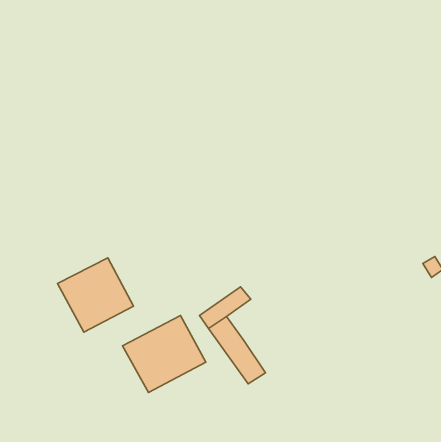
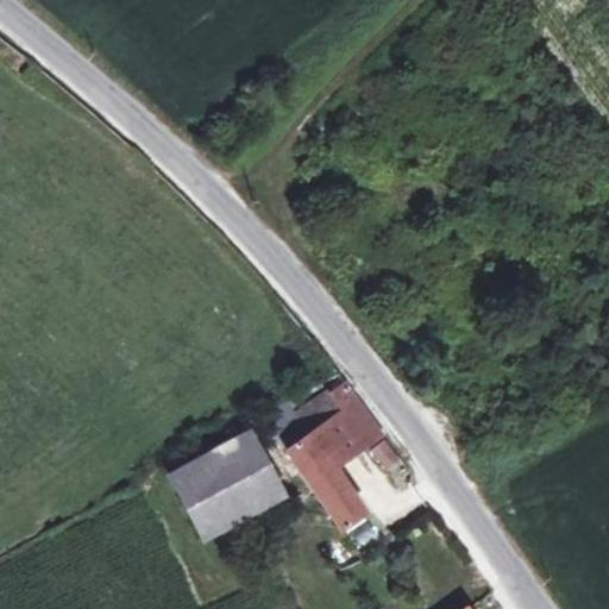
building: [57,258,134,332] -> none
building: none -> [314,383,385,467]

